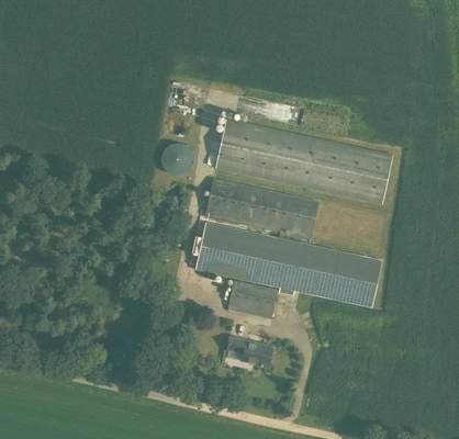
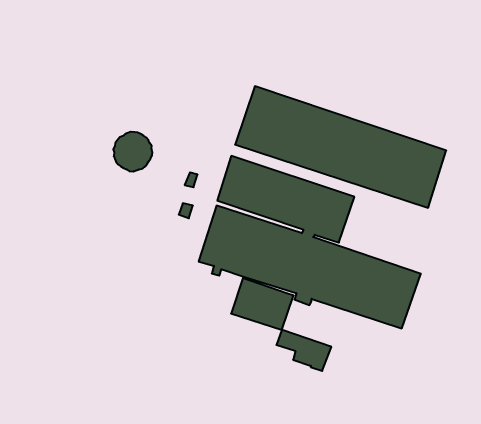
building: [159,142,192,175] -> [113,132,152,171]
building: [226,336,272,367] -> [276,330,331,371]

